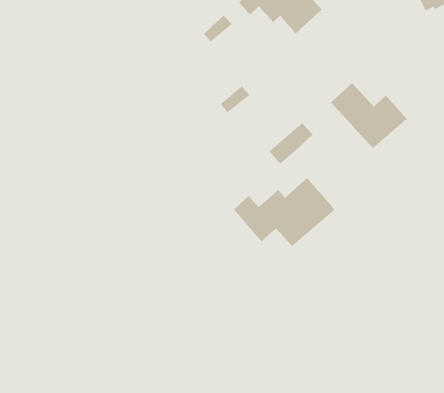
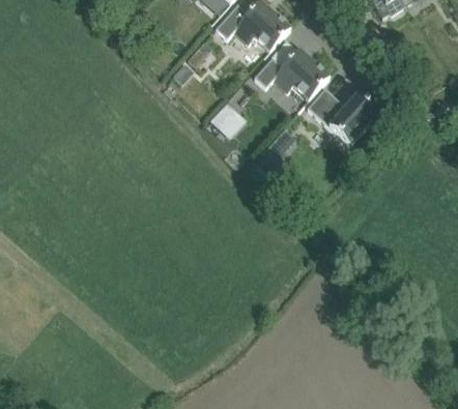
building: none -> [255,47,331,98]
building: [233,177,335,247] -> none

